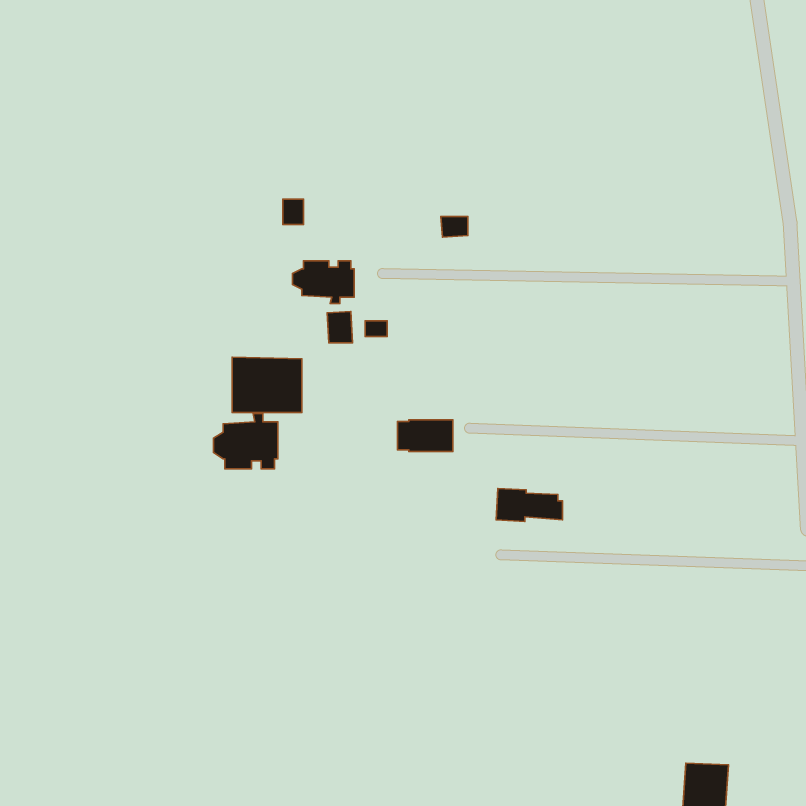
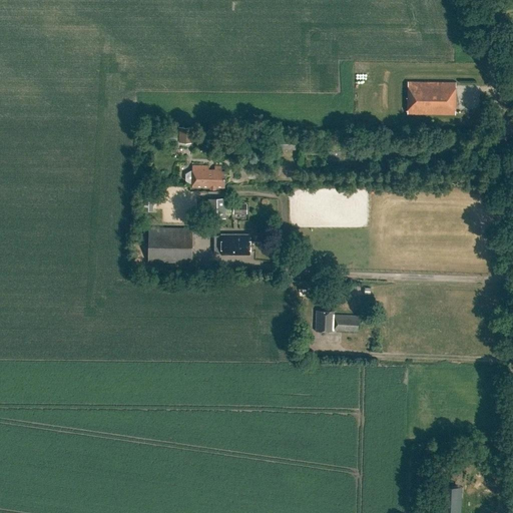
building: none -> [408,82,456,115]
building: [213,414,278,469] -> none
building: [398,420,453,452] -> [215,235,250,255]

